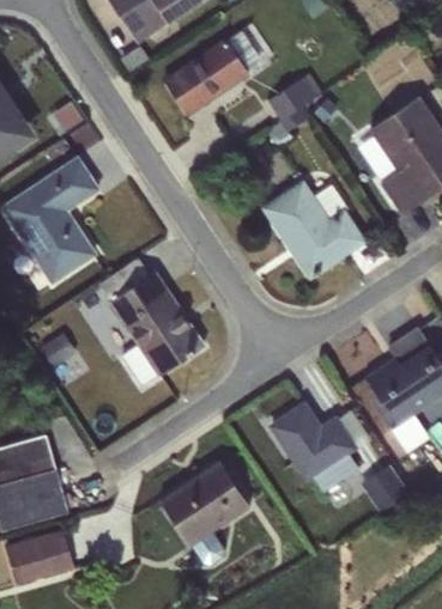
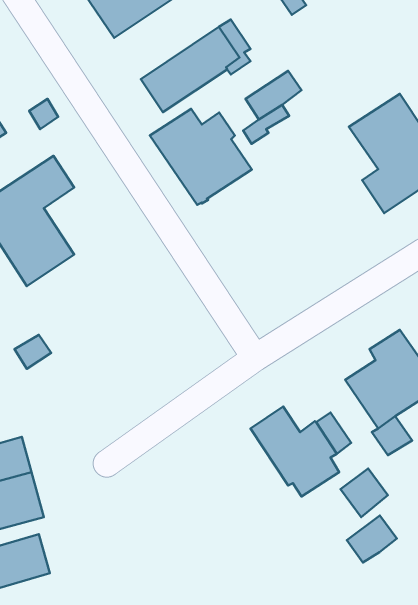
building: [264,182,364,276] -> [150,109,252,205]
building: [99,260,204,386] -> none
building: [161,461,252,566] -> none
building: none -> [347,516,397,562]

